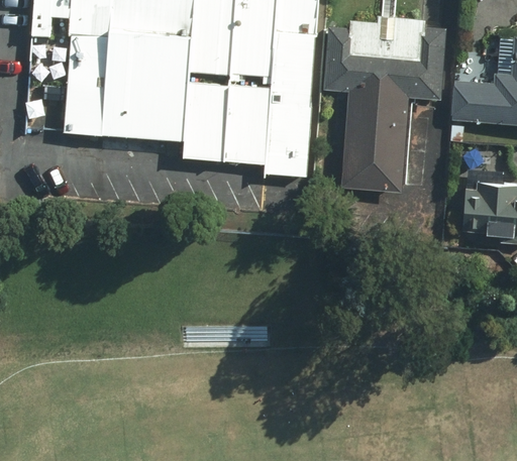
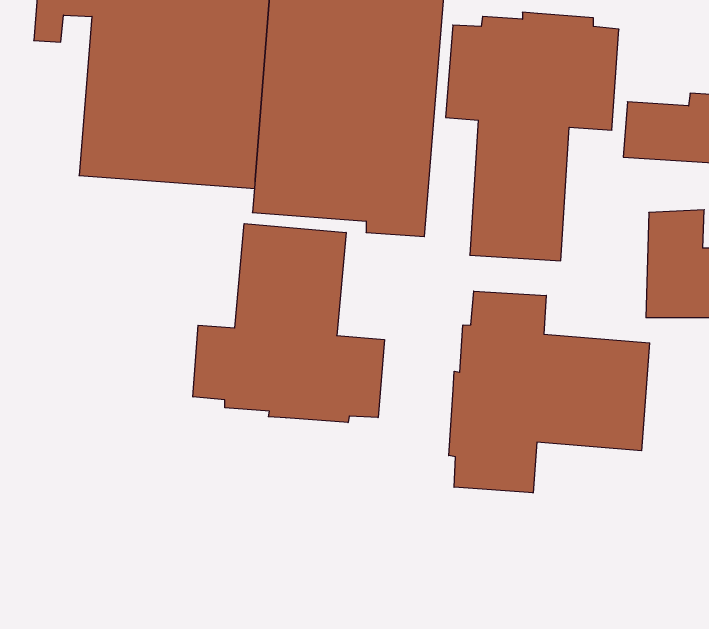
building: none -> [193,224,384,423]
building: none -> [449,291,650,493]

